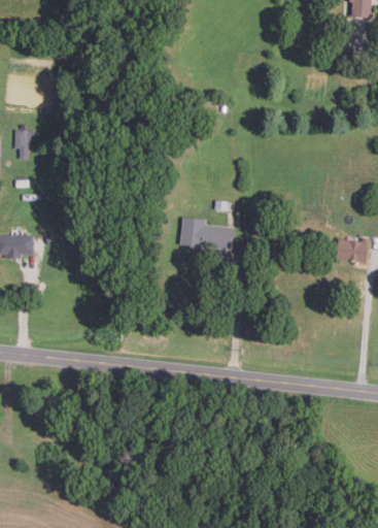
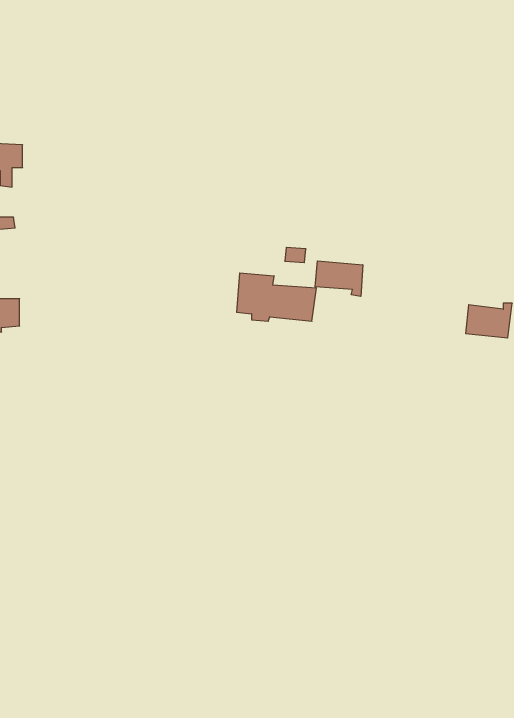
building: none -> [315,261,363,296]

